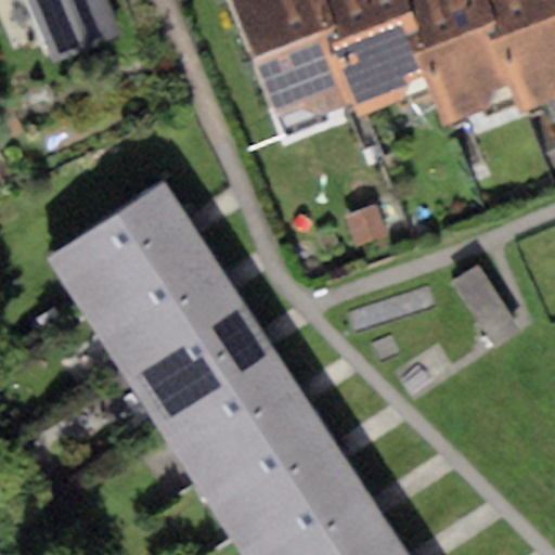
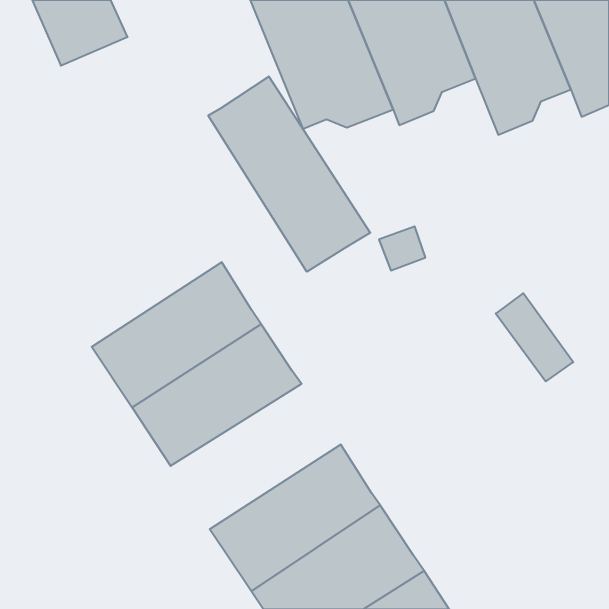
building: none -> [208,76,370,272]
building: [46,181,202,315] -> none
building: [155,349,310,481] -> none

